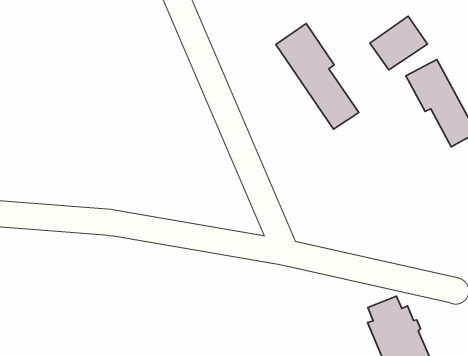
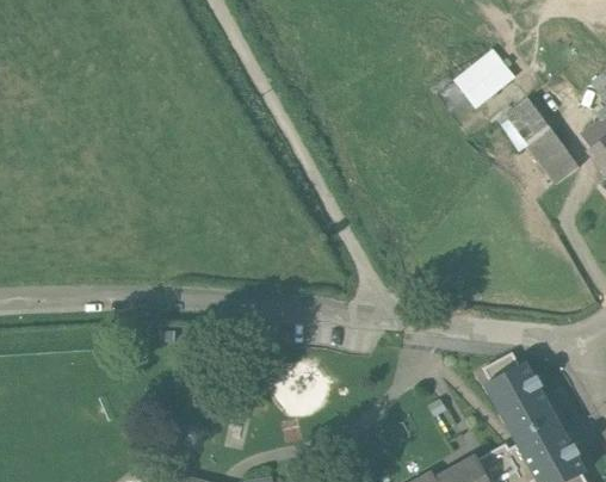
building: [276,24,359,129] -> none

